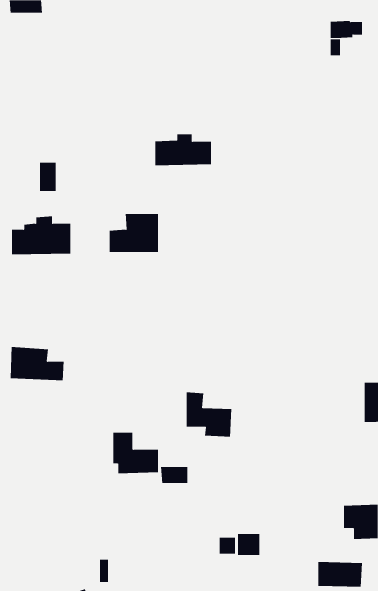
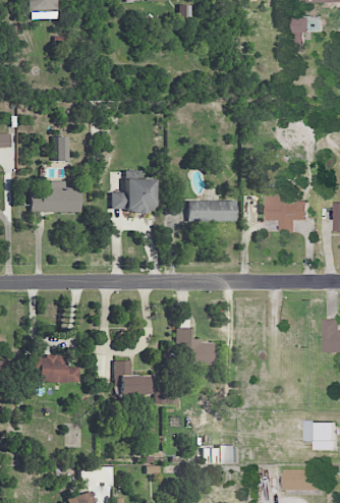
building: [155,134,212,166] -> [187,194,235,221]
building: none -> [266,189,308,232]
building: [10,347,65,381] -> [31,354,76,383]

